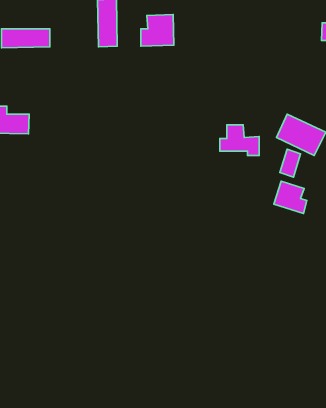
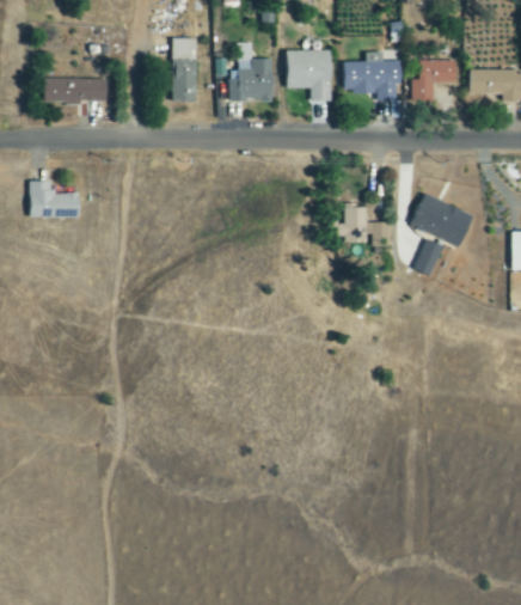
building: none -> [286,50,331,100]
building: none -> [343,51,402,100]
building: none -> [416,60,455,104]
building: [274,181,307,213] -> none

